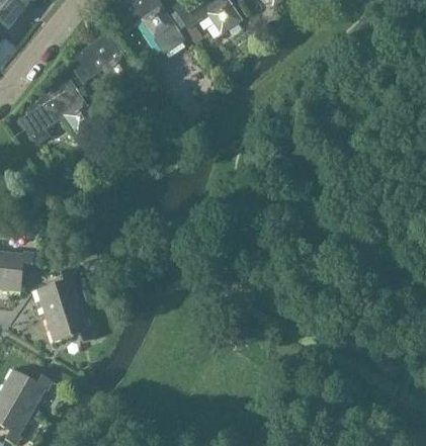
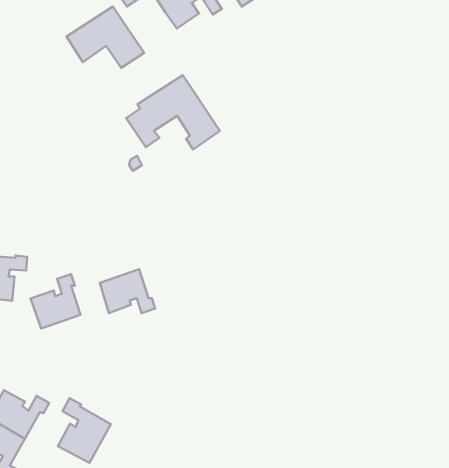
building: [19,82,101,147] -> [126,75,220,149]
building: [46,303,94,342] -> [100,269,155,313]
building: none -> [58,398,111,463]

